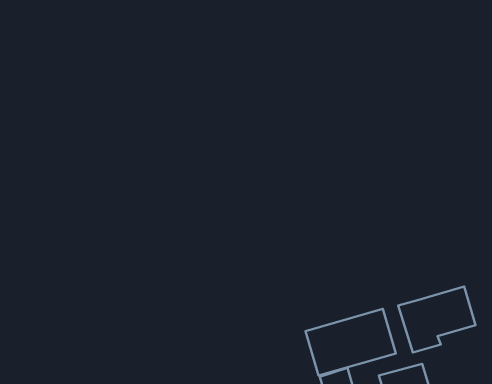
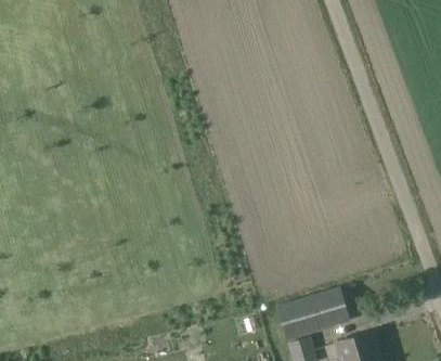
building: [398,286,475,352] -> none

